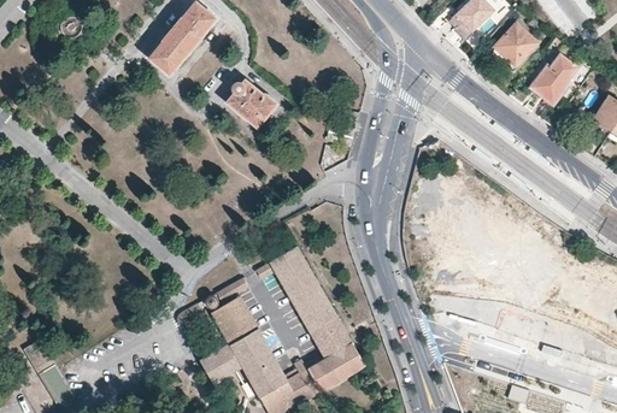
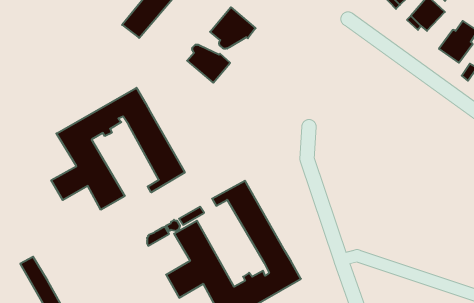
building: none -> [210,7,256,49]
building: none -> [51,88,185,210]

